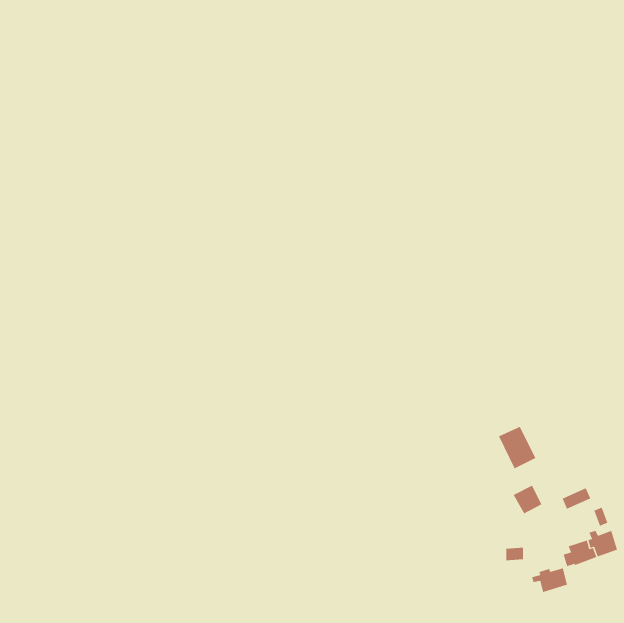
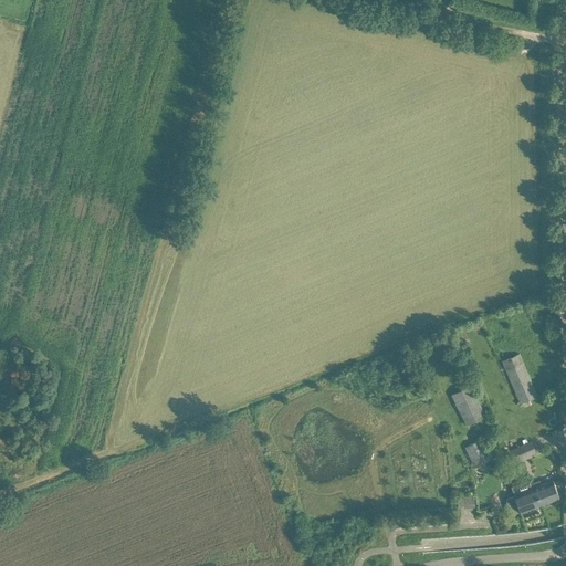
building: none -> [502,355,537,405]
building: [532,568,568,593] -> none

